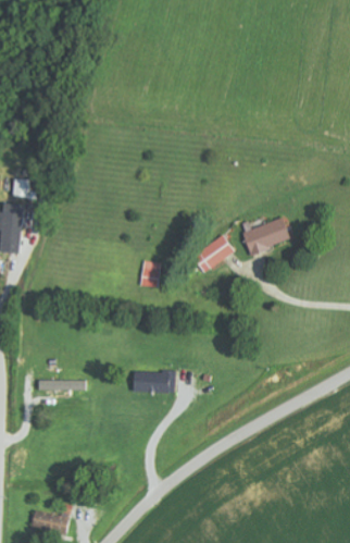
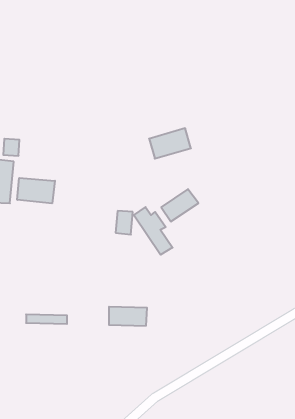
building: [242,218,290,252] -> [149,128,191,159]
building: none -> [17,178,55,203]
building: none -> [134,207,173,255]

